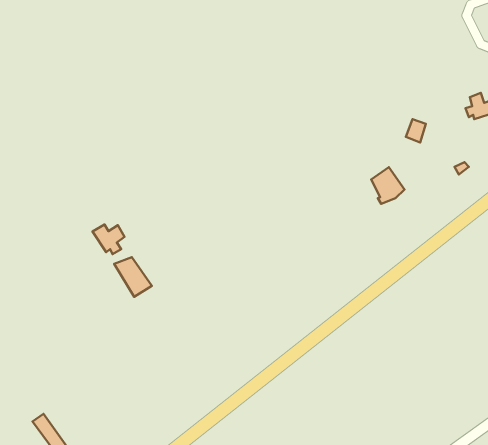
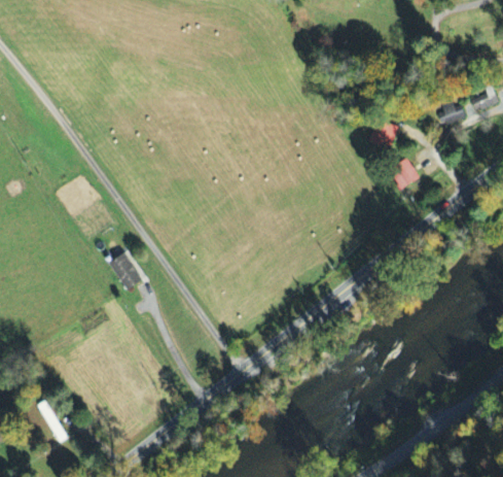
building: [371,167,404,204] -> [392,157,423,191]
building: [93,224,124,254] -> none

